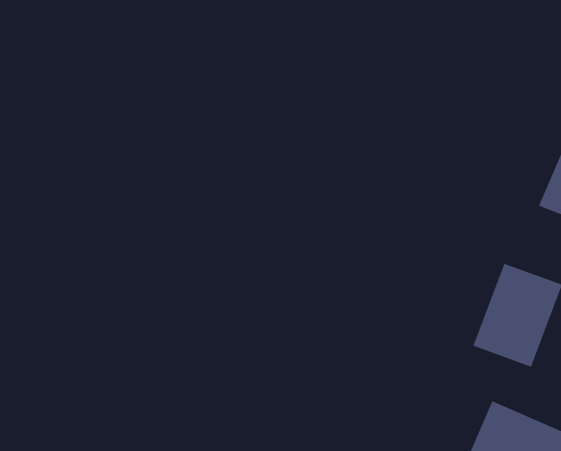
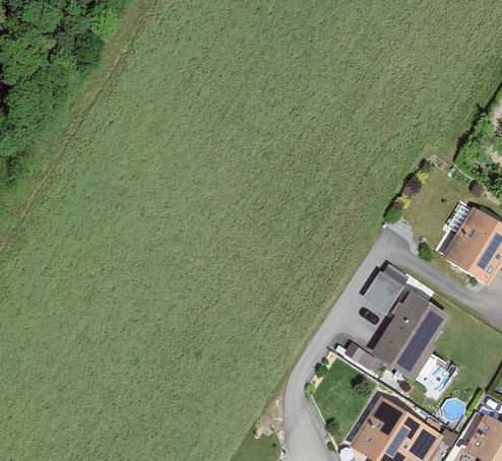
building: none -> [363,262,407,312]

